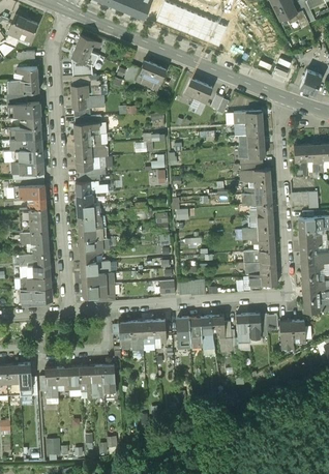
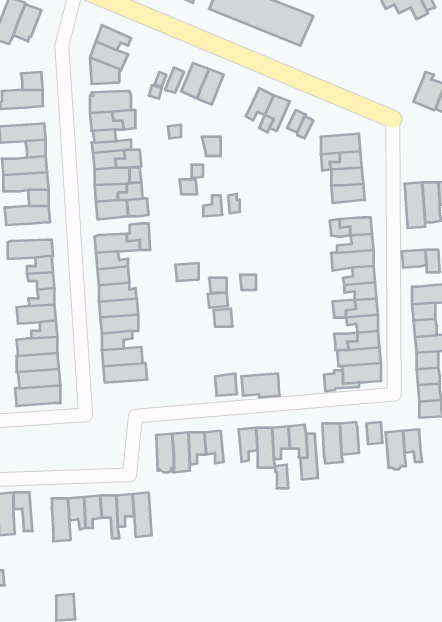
building: [82,284,113,302] -> none

